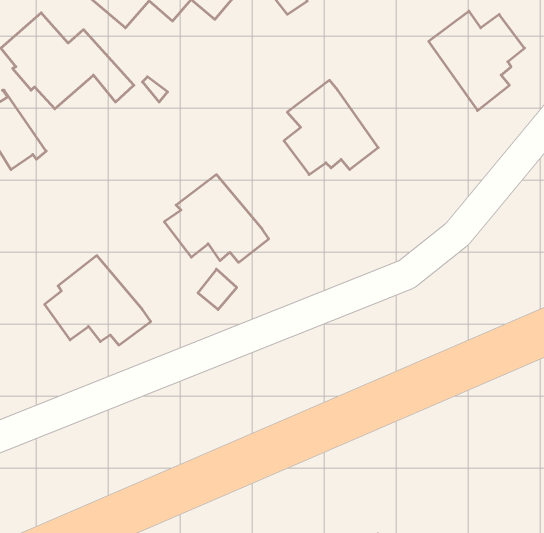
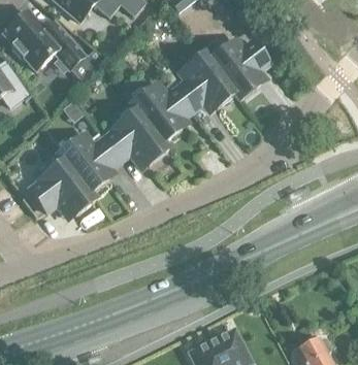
building: [429,11,525,111] -> [209,39,268,100]
building: none -> [130,82,192,142]
building: none -> [58,133,120,192]

